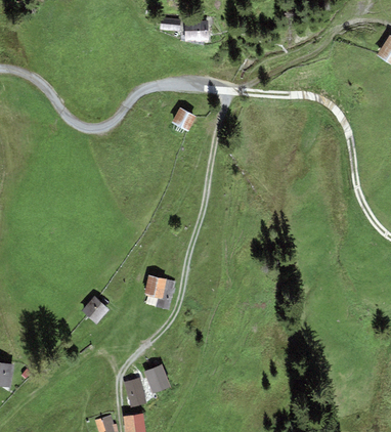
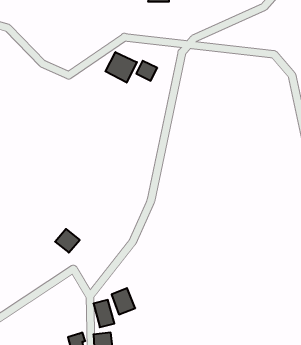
building: none -> [105,52,137,83]
building: [144,274,175,299] -> none

